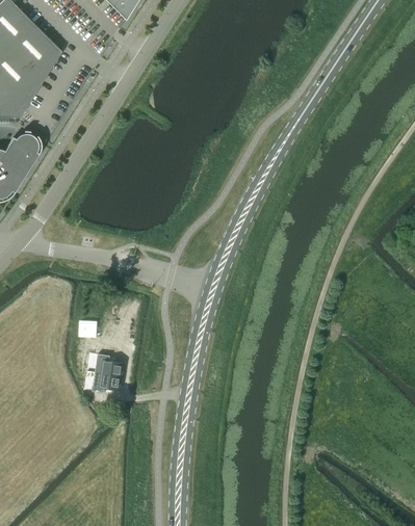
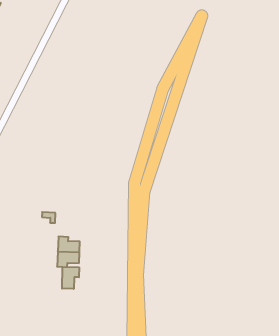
building: none -> [62,267,79,289]

